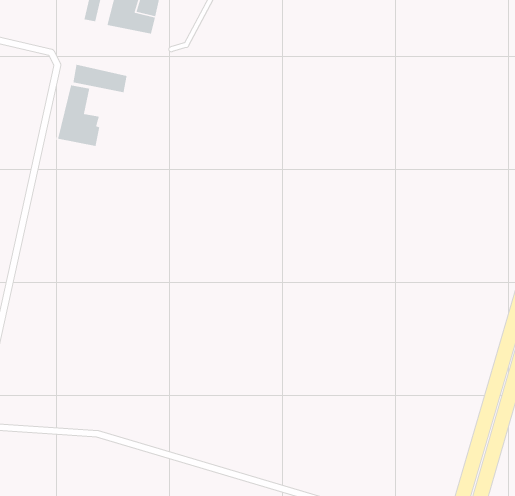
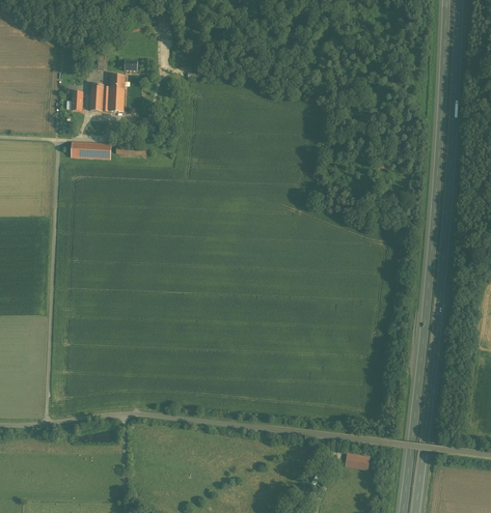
building: [57,84,100,147] -> none

